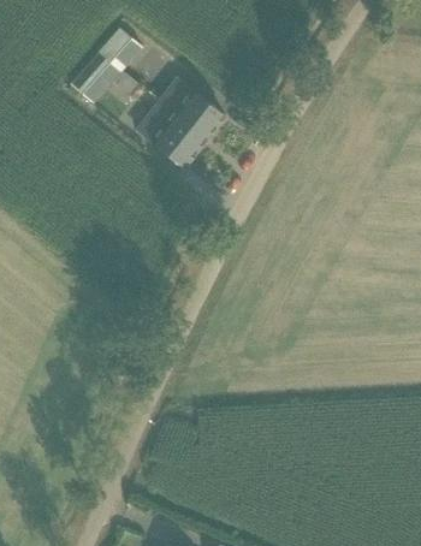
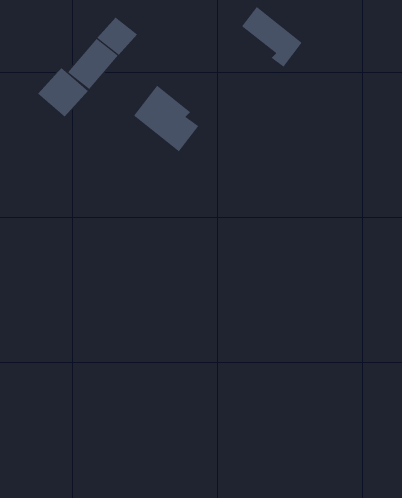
building: [161,78,224,141] -> [241,6,303,67]
building: none -> [37,67,89,117]

